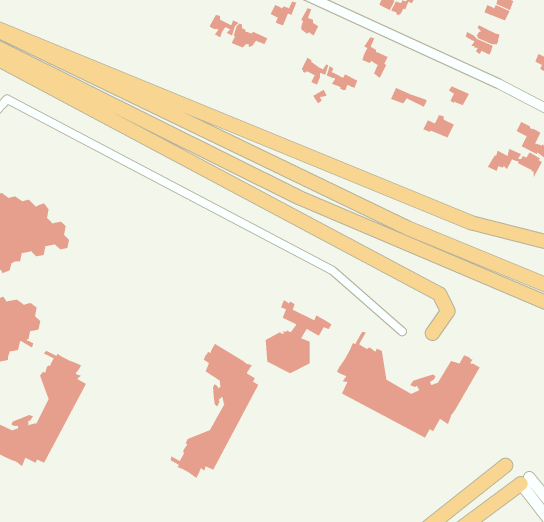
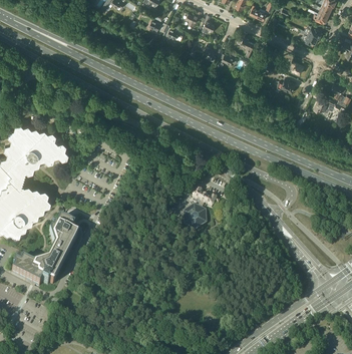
building: [336,331,481,438] -> none
building: [170,343,259,479] -> none

